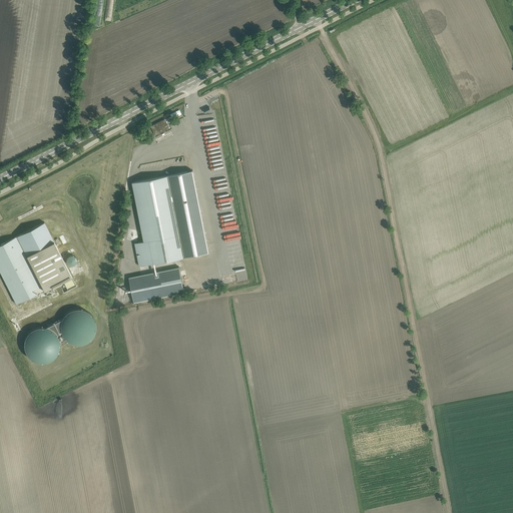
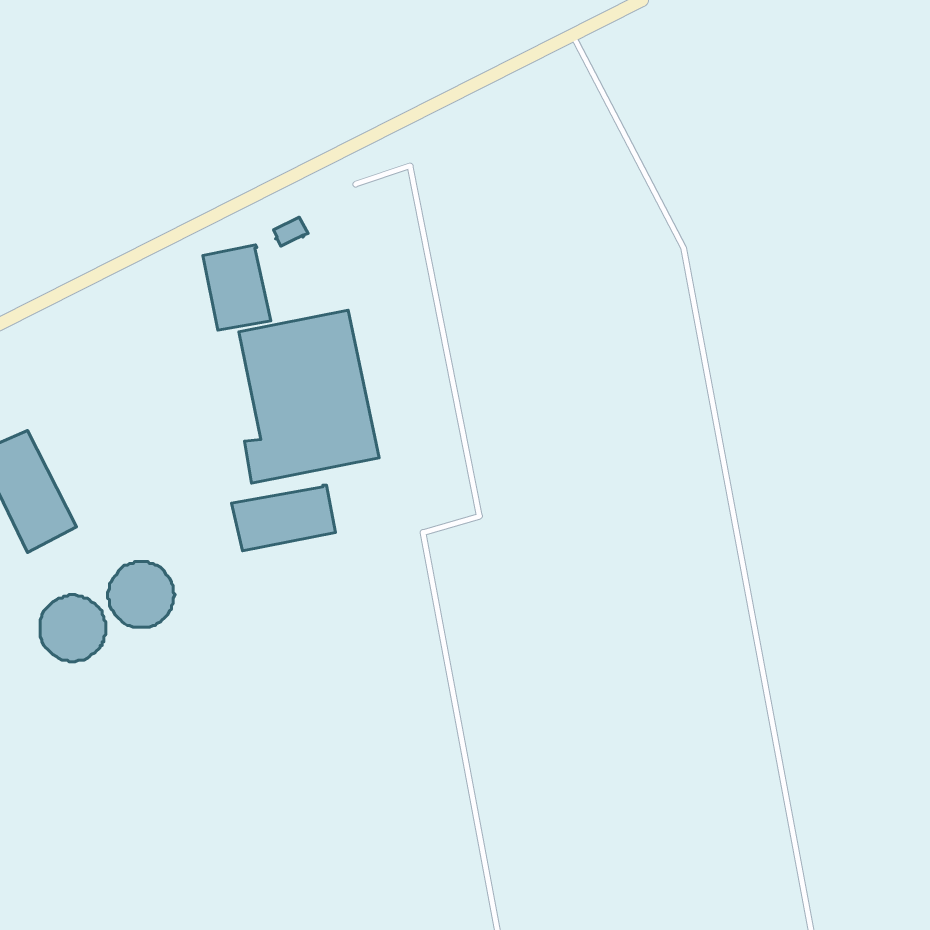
building: none -> [203,245,271,330]
building: [15,222,71,291] -> none

